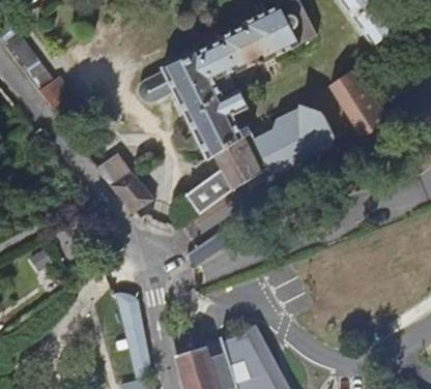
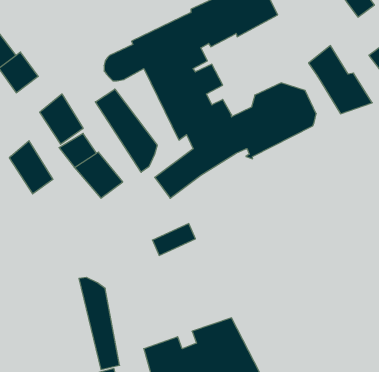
building: none -> [95,89,157,172]
building: none -> [40,94,83,144]
building: none -> [9,141,53,194]

